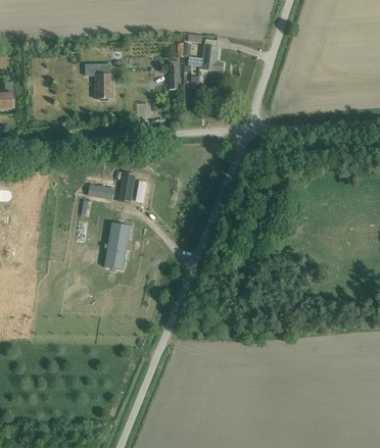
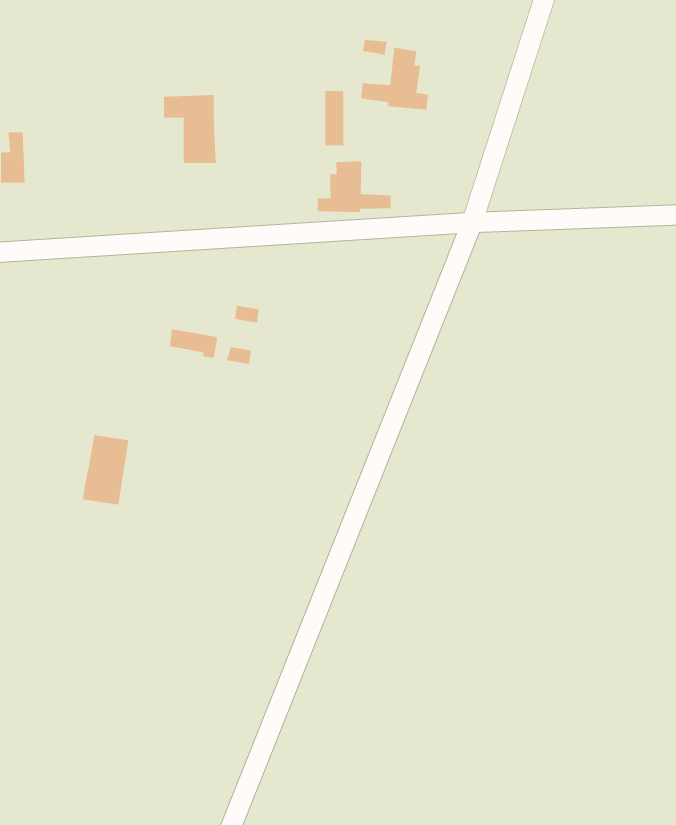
building: none -> [317,161,391,213]
building: [104,228,129,264] -> [82,434,129,505]

